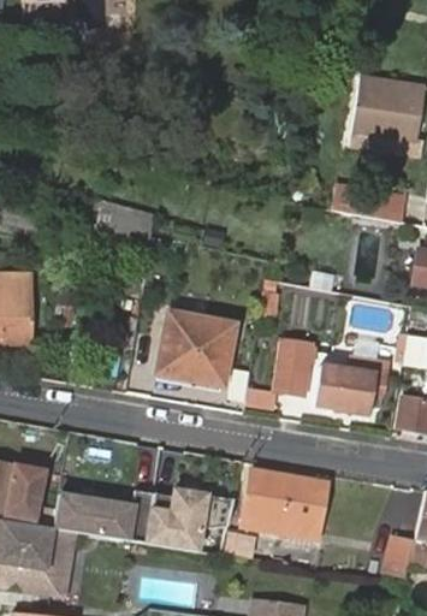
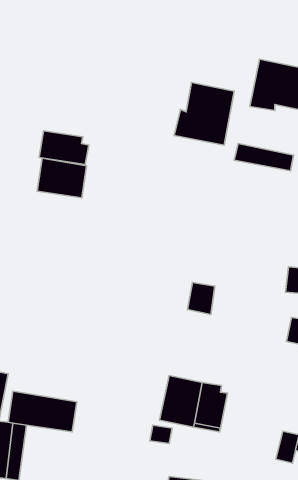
building: none -> [174,82,234,145]
building: none -> [39,131,89,165]
building: [158,315,232,385] -> none
building: [314,366,378,416] -> none
building: [144,485,212,553] -> none

